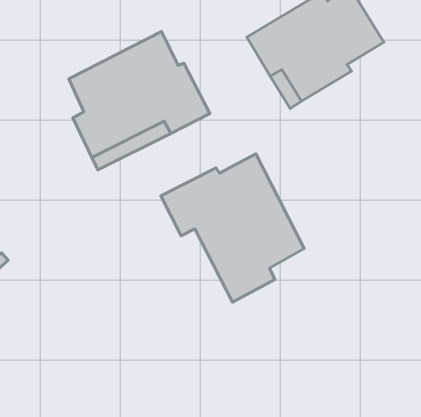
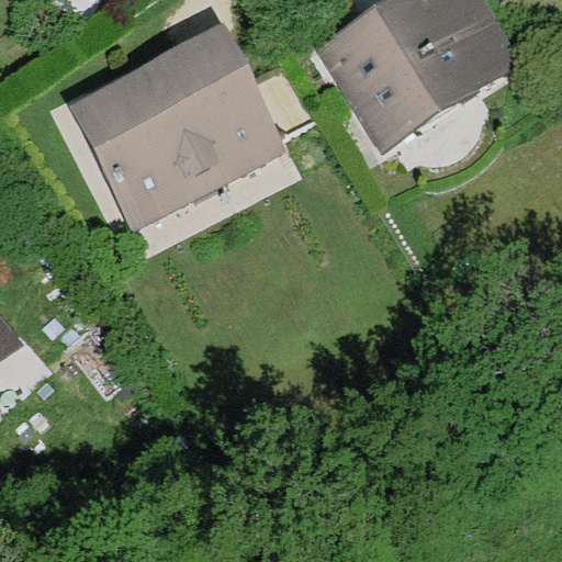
building: [161,154,304,302] -> none

